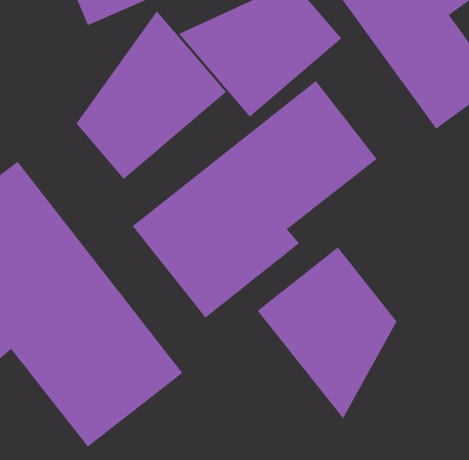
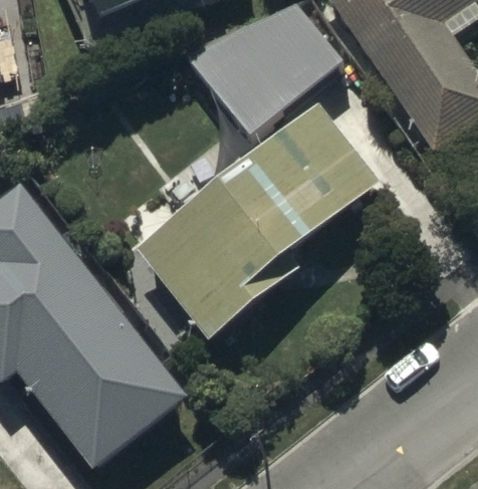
building: [76,10,227,180] -> none
building: [257,247,397,419] -> none

